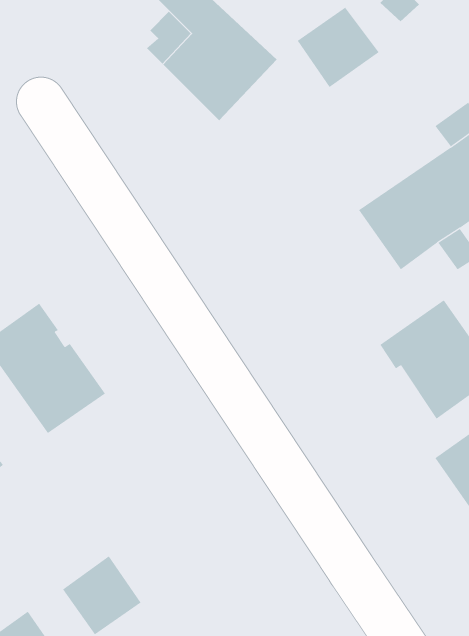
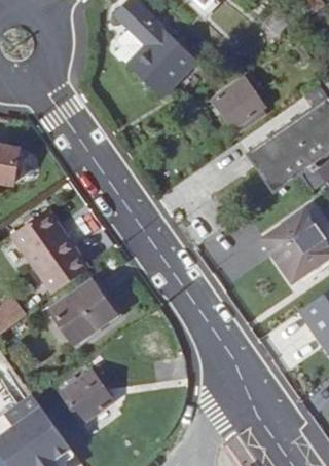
building: [297,7,379,88] -> [217,79,269,130]
building: none -> [51,280,115,343]

